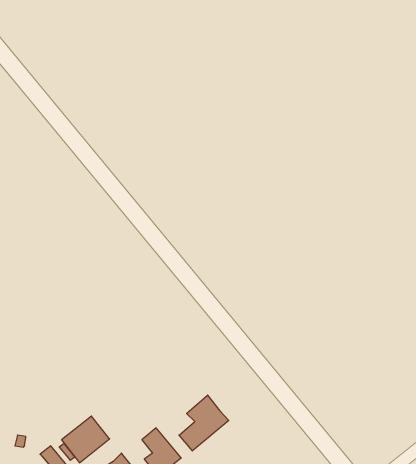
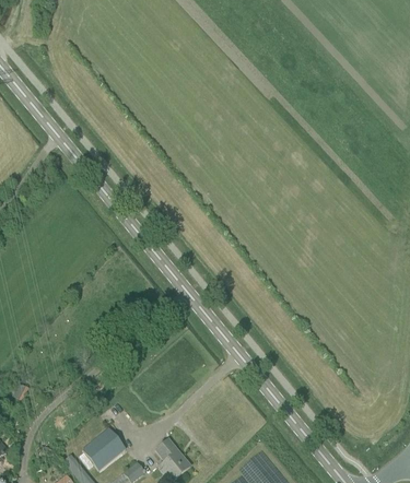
building: [179,395,229,451] -> none

